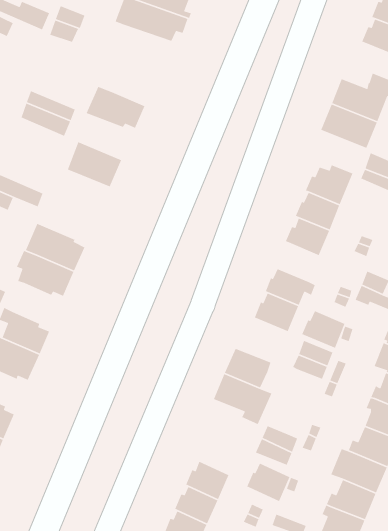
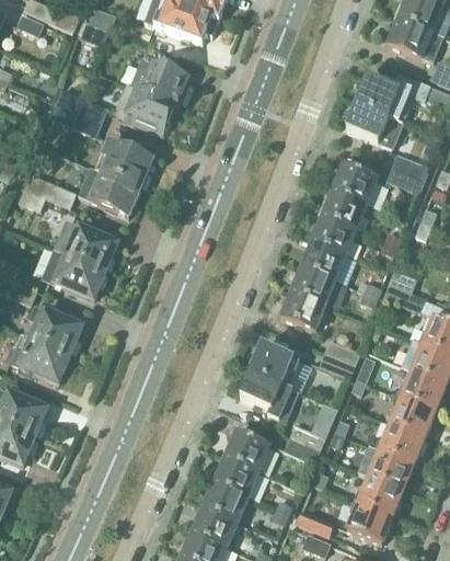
building: none -> [132,59,191,106]
building: none -> [79,168,139,215]
building: [301,310,345,349] -> [302,241,346,279]
building: [246,463,290,502] -> [224,432,268,471]

